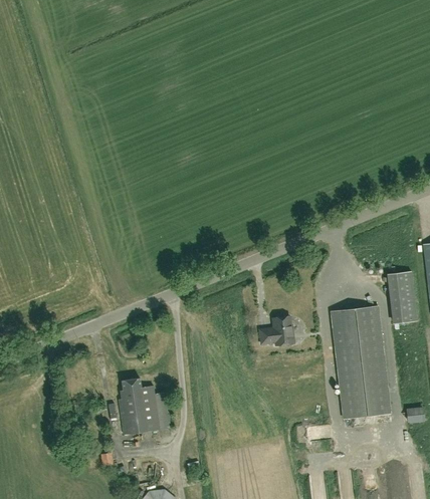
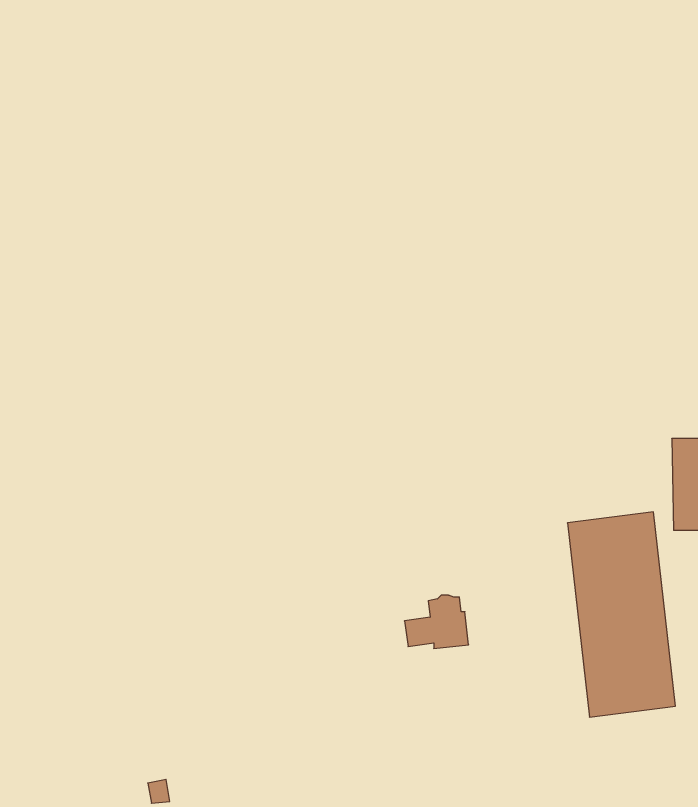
building: [260,316,295,345] -> [404,595,469,648]
building: [120,379,161,435] -> none

